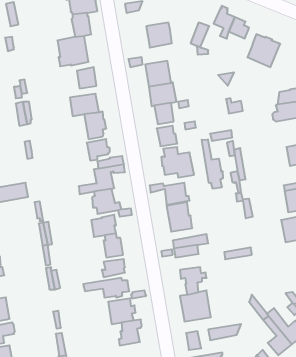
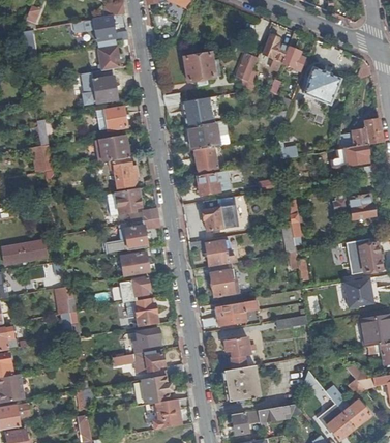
building: [202,139,223,189] -> none

